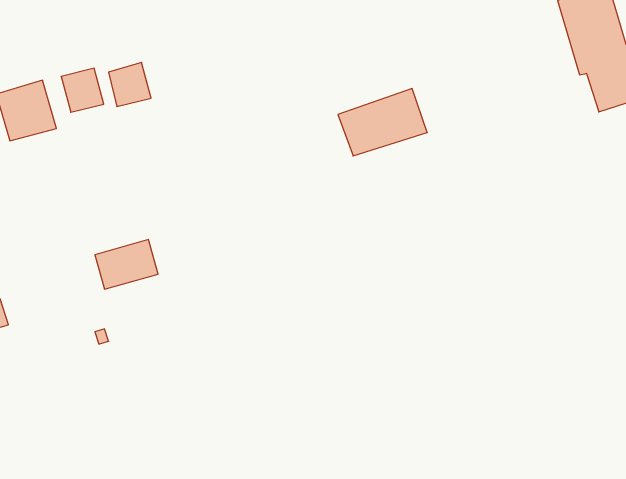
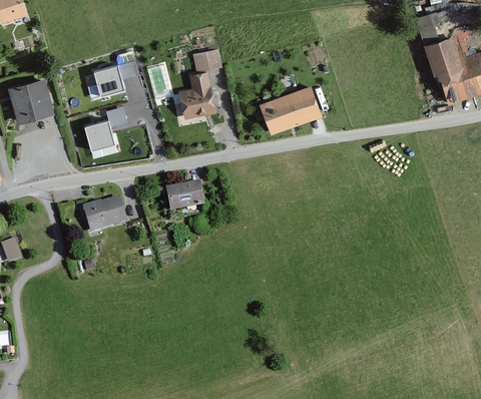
building: none -> [181,48,222,117]
building: [61,68,104,112] -> [82,120,113,152]
building: none -> [167,182,206,213]

